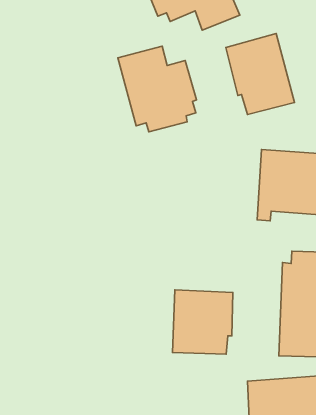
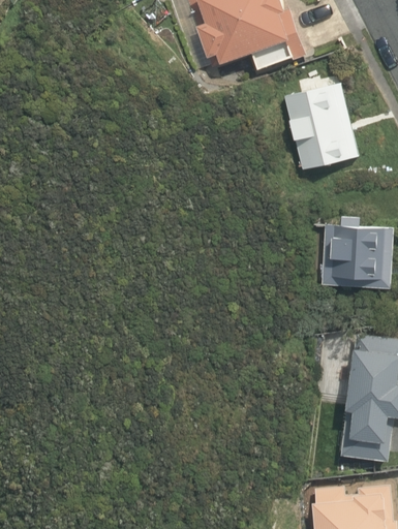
building: [118,46,197,132] -> none
building: [172,290,233,354] -> none

